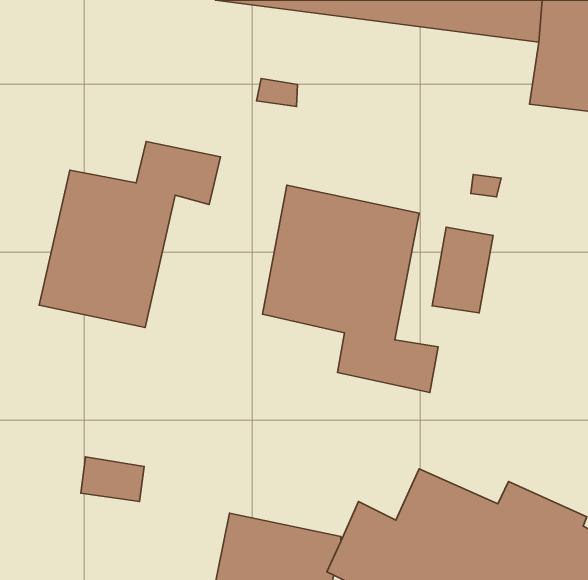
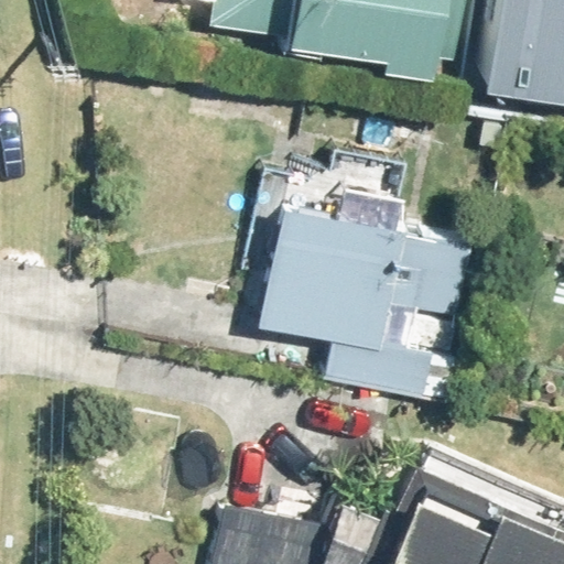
building: [39,141,220,328] -> none

